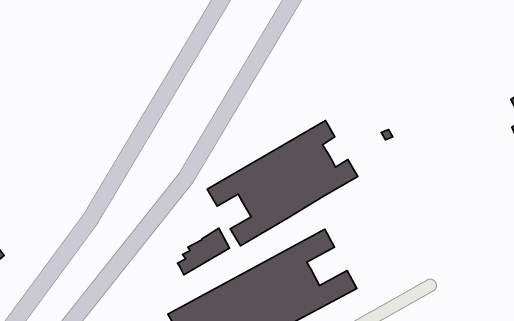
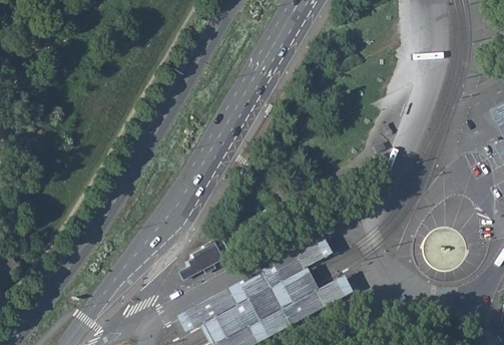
building: [207,120,358,246] -> none

